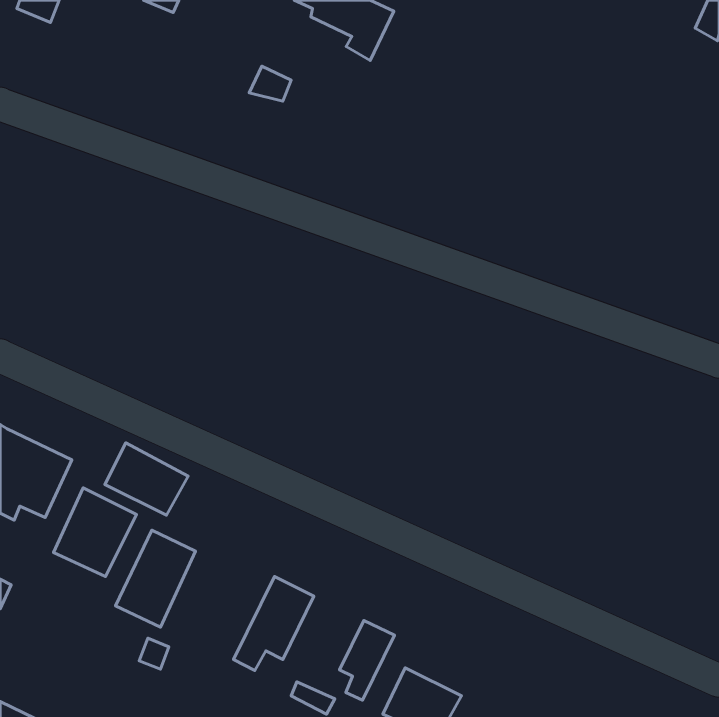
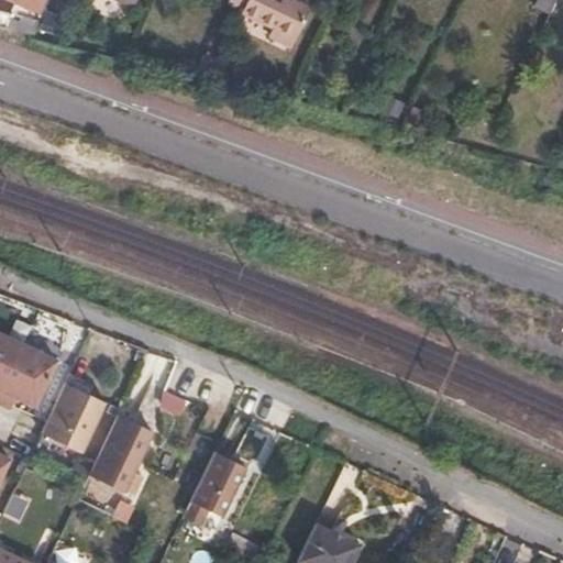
building: [105,443,188,515] -> none
building: [339,620,394,700] -> none

